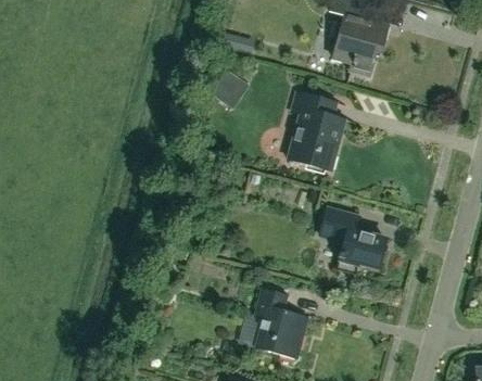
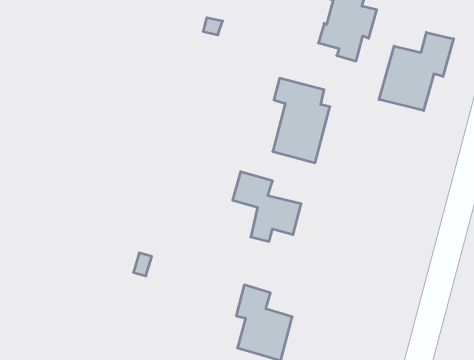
building: none -> [379,32,454,111]
building: [319,207,384,274] -> [233,172,301,241]

